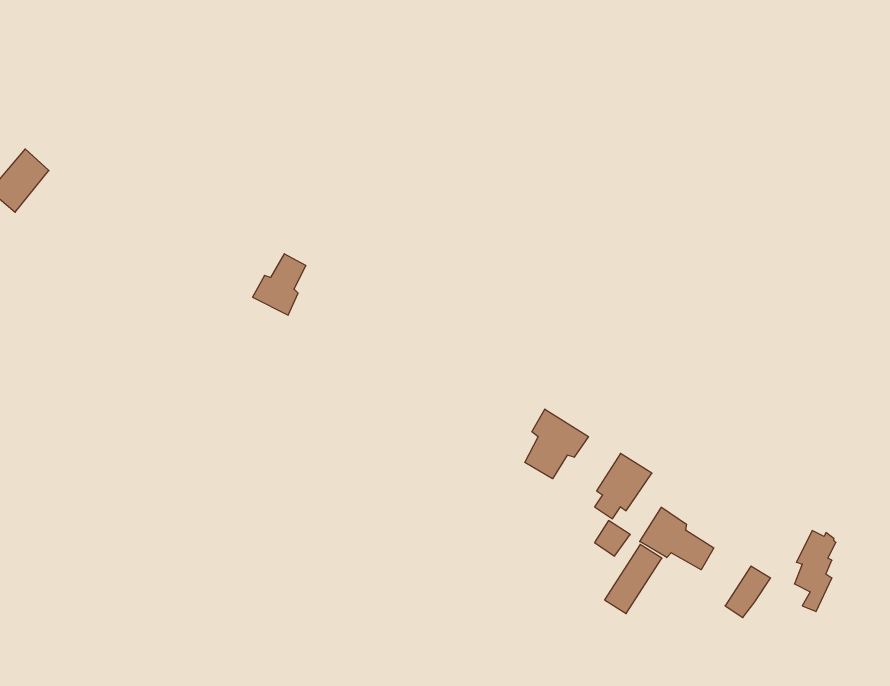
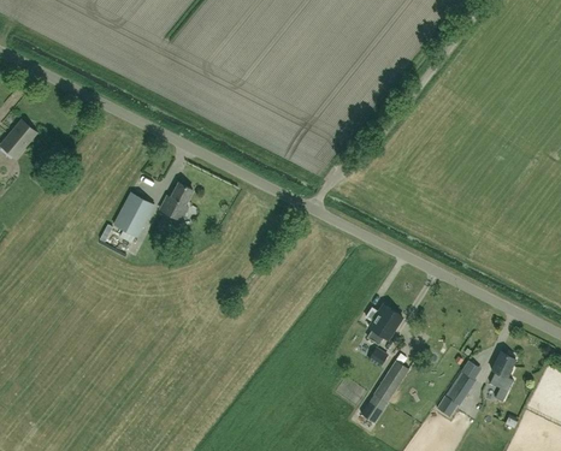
building: none -> [113,194,153,238]
building: [525,409,588,479] -> none
building: [640,507,714,570] -> none

